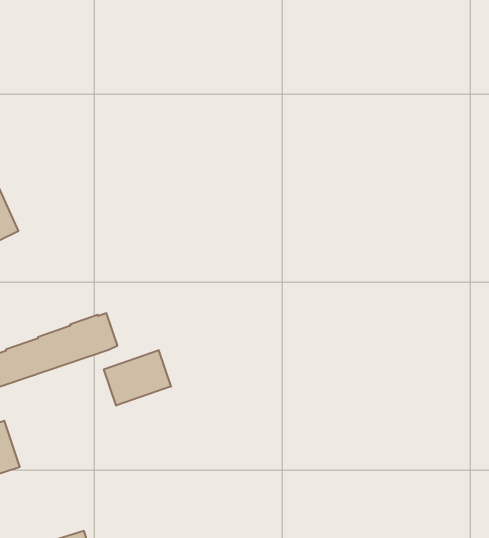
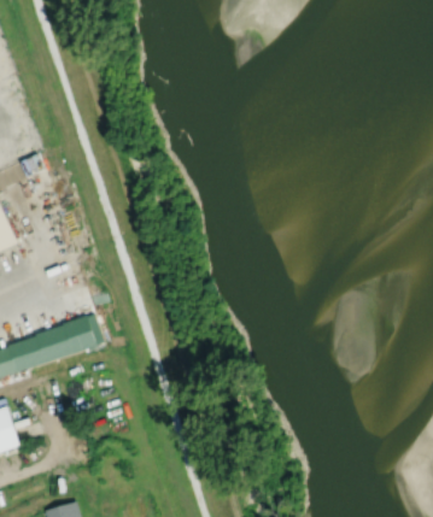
building: [104,350,171,406] -> none

